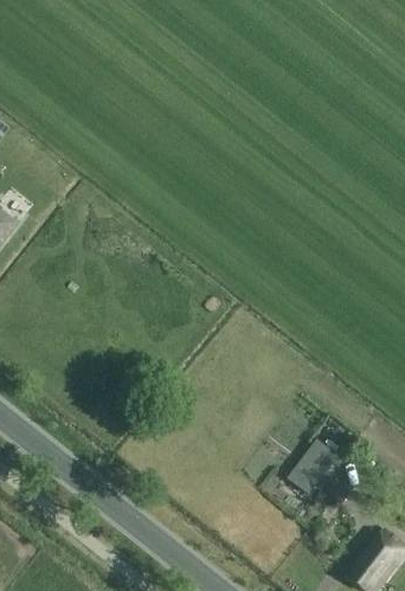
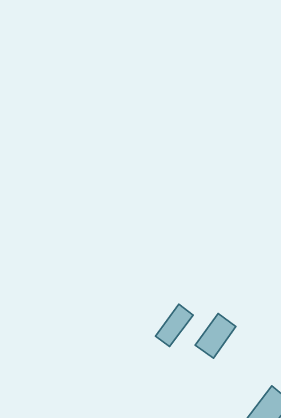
building: none -> [155,304,193,346]

